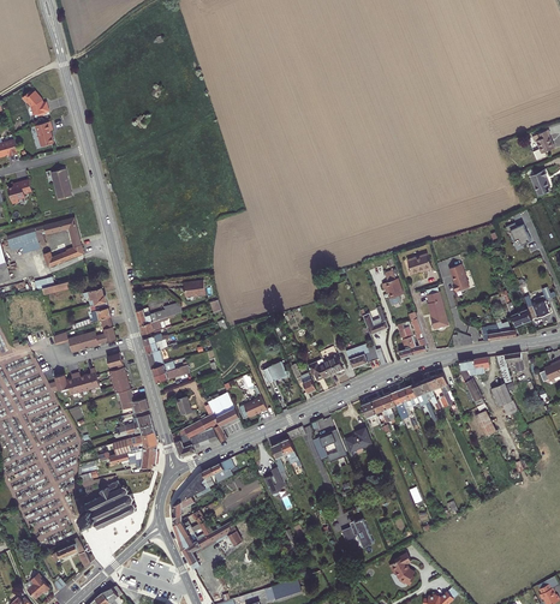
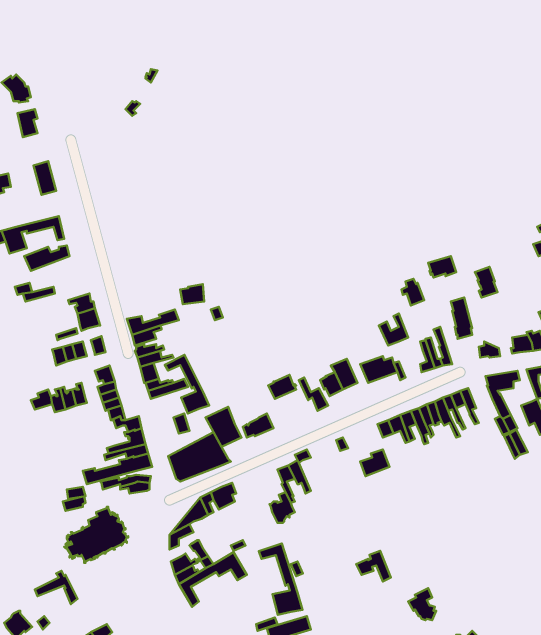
building: none -> [165,355,209,413]
building: none -> [259,543,303,615]

